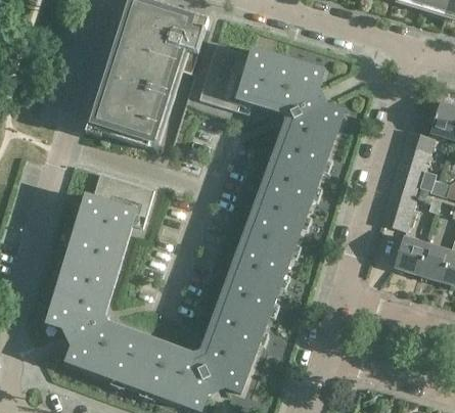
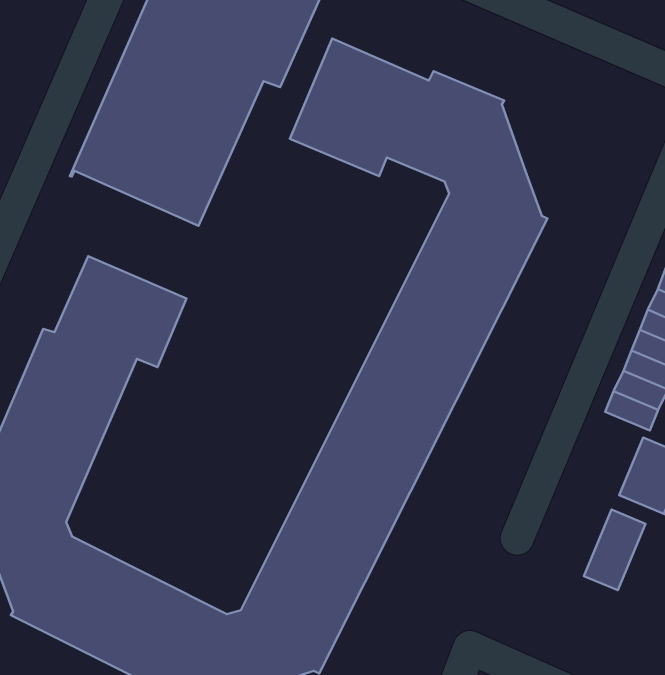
building: none -> [584,510,645,590]

